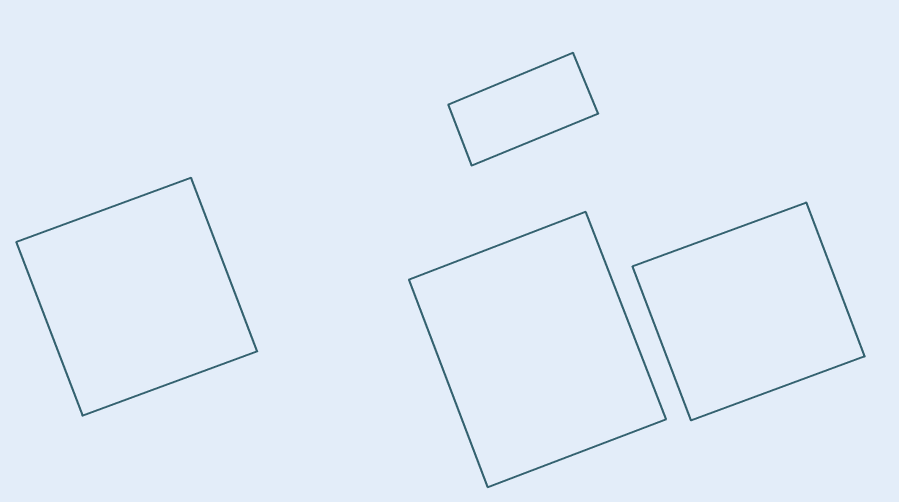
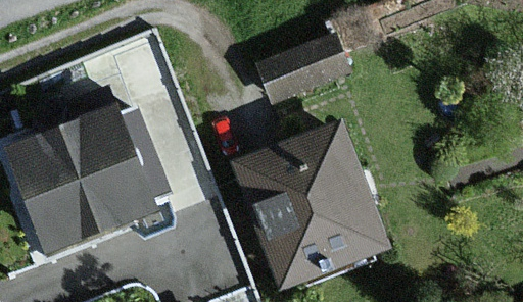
building: [633,202,865,420] -> none

